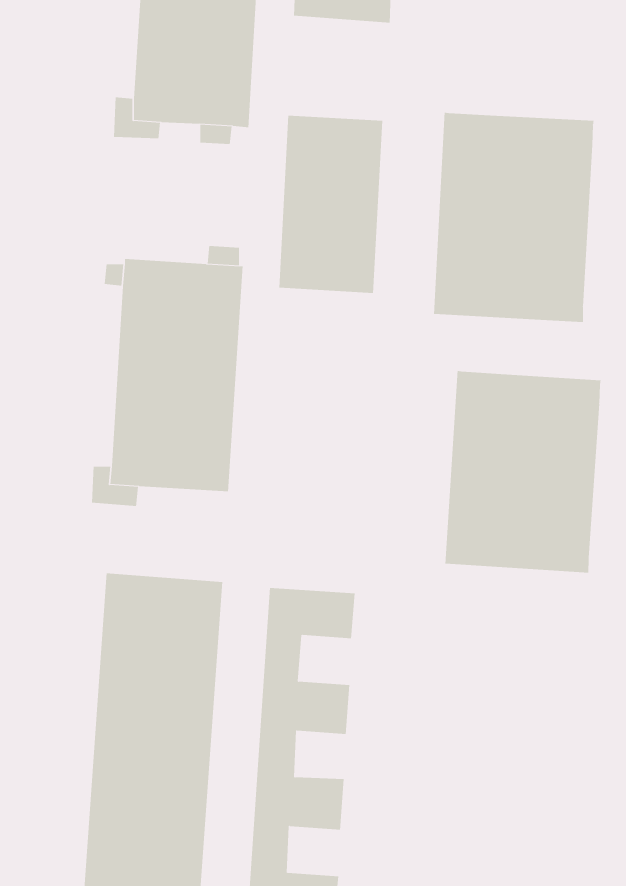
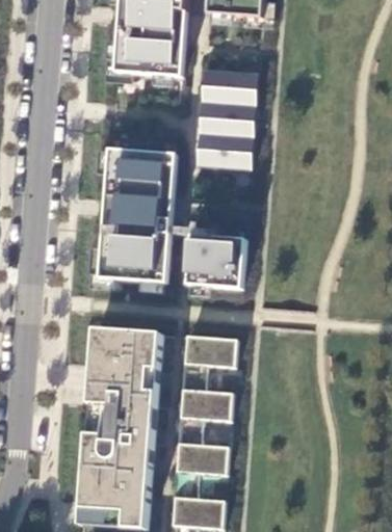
building: [434,112,594,323] -> none
building: [445,370,601,574] -> none
building: none -> [185,235,243,287]

